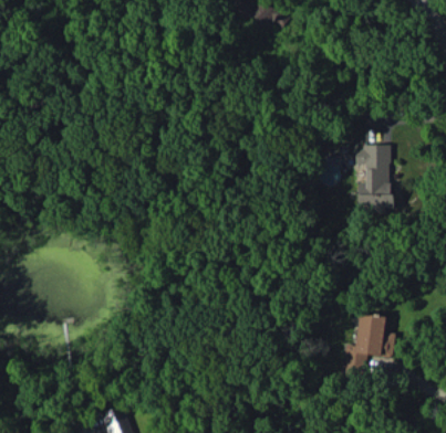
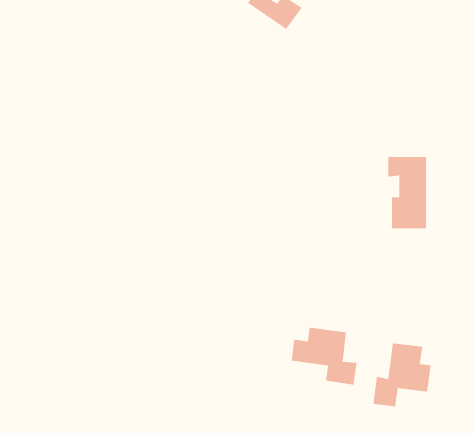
building: none -> [291,327,357,385]

